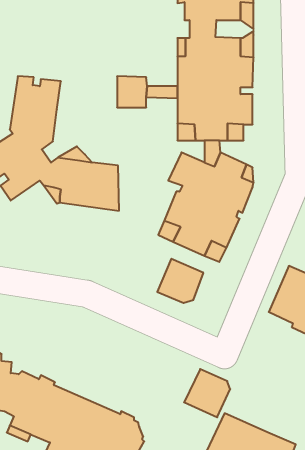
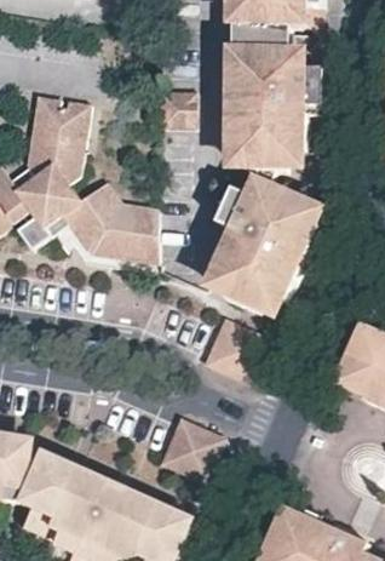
building: [184,369,230,417] -> [162,417,218,475]

